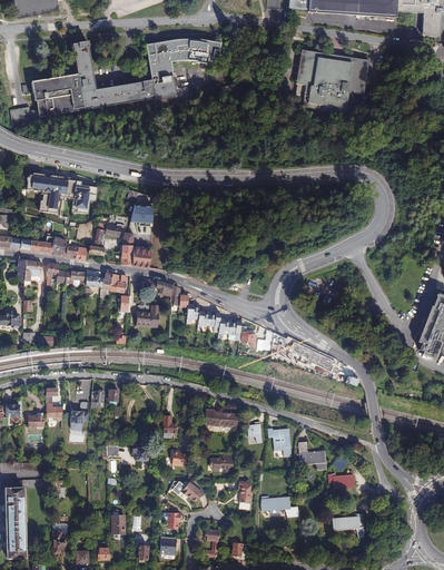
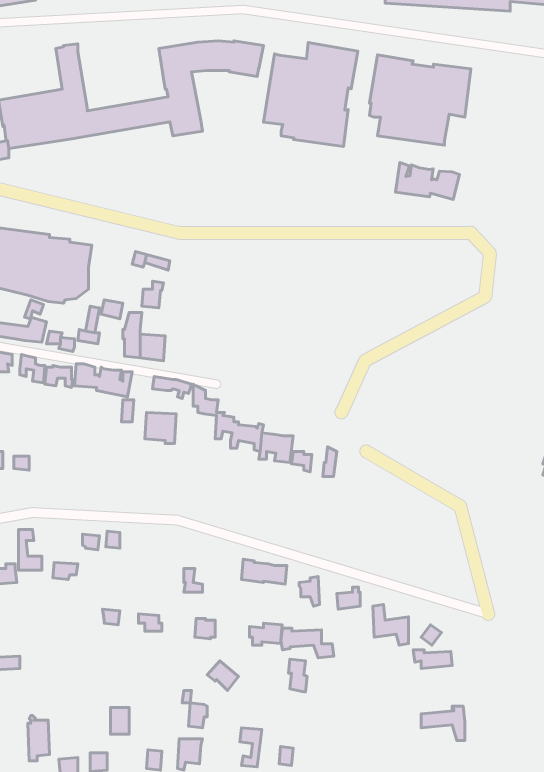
building: none -> [263,43,358,146]
building: none -> [395,162,460,200]
building: [260,494,298,515] -> [281,628,334,658]

